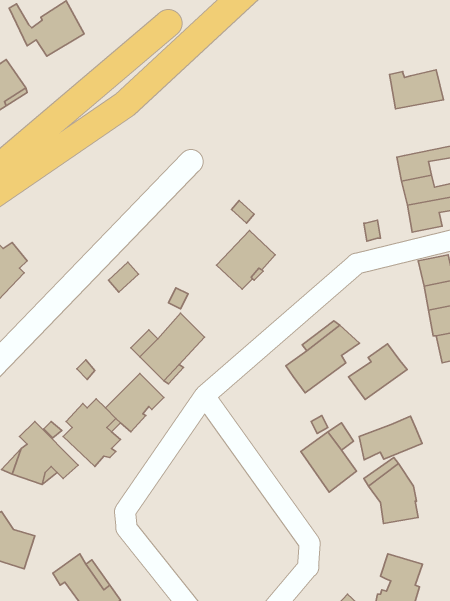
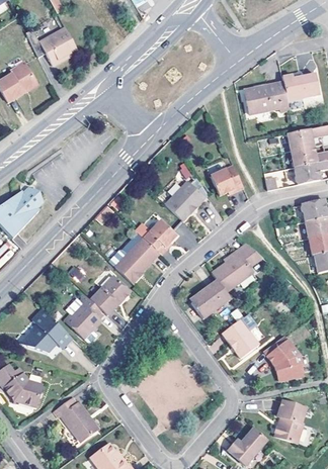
building: none -> [244,82,289,112]
building: none -> [210,167,244,197]
building: none -> [142,220,176,255]
building: [349,344,407,399] -> [191,280,231,317]
building: [359,416,422,460] -> none

